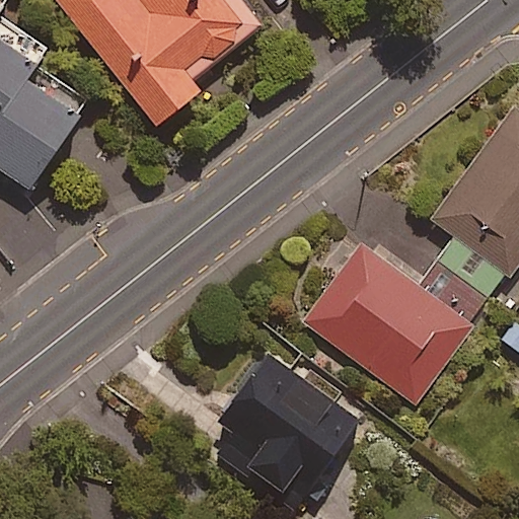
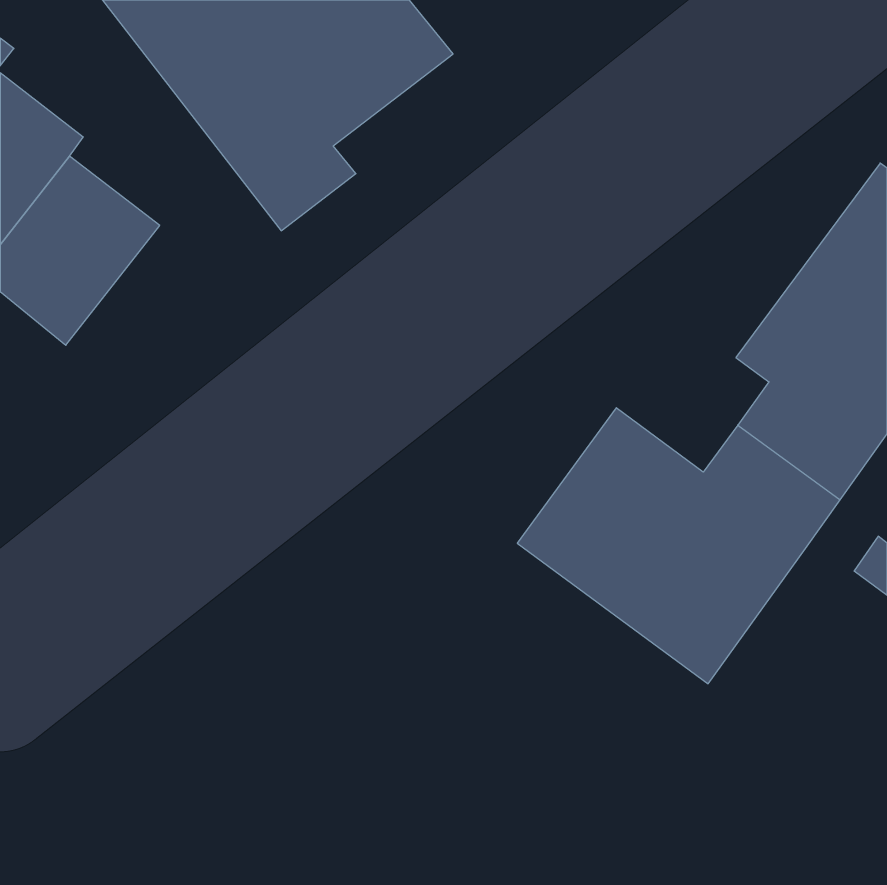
building: [220,347,366,505] -> none

